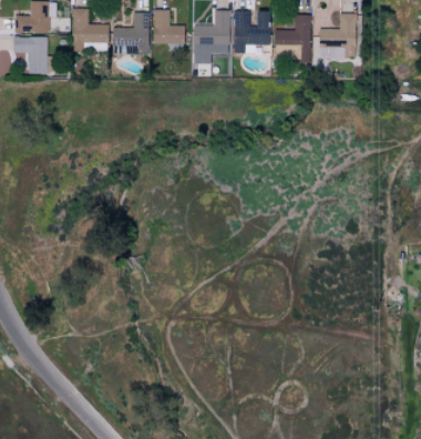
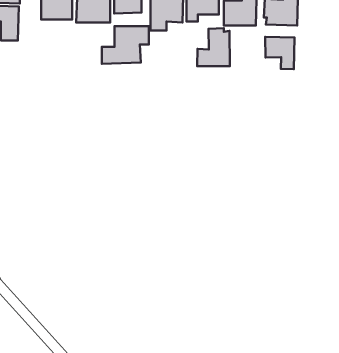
building: none -> [102,26,149,64]
building: none -> [197,28,230,66]
building: none -> [265,37,295,69]

